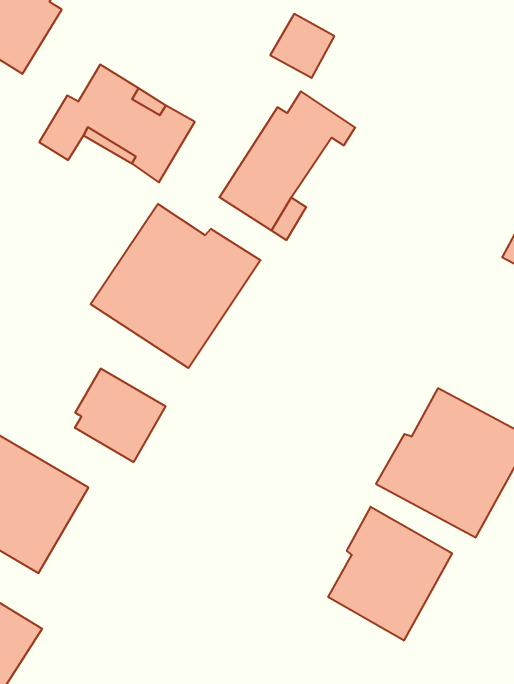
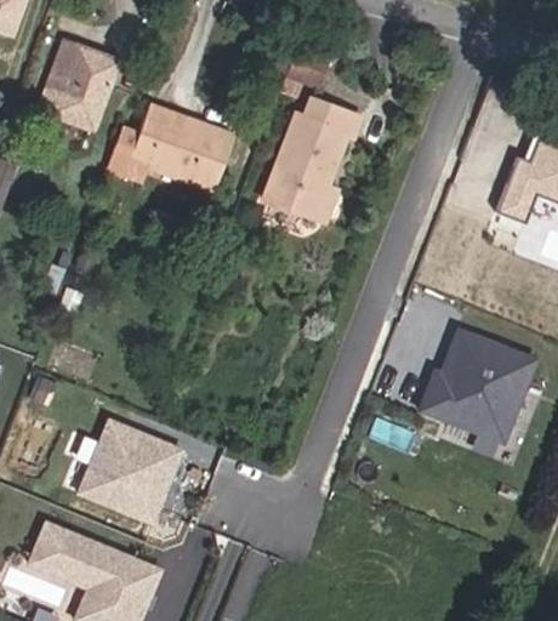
building: [91,204,261,368] -> none
building: [75,368,166,462] -> none
building: [328,507,452,641] -> none

